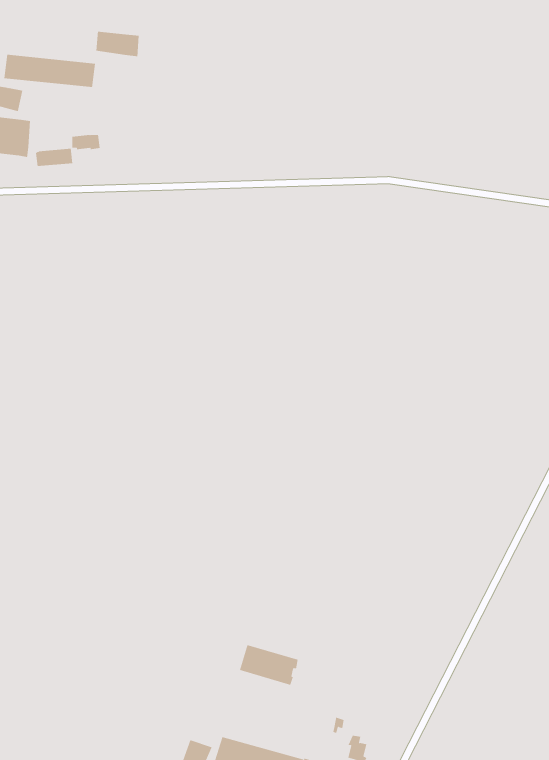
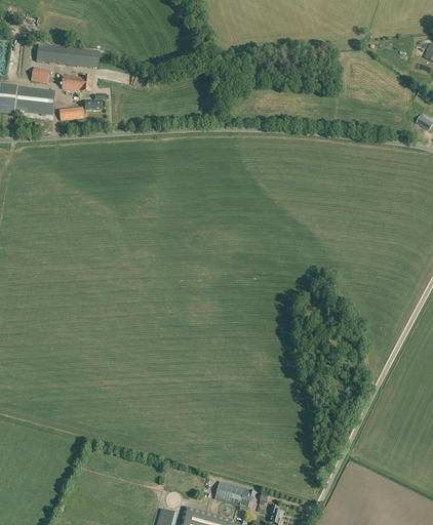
building: [96,31,140,57] -> [62,75,91,92]
building: [239,644,298,685] -> [214,481,254,509]

